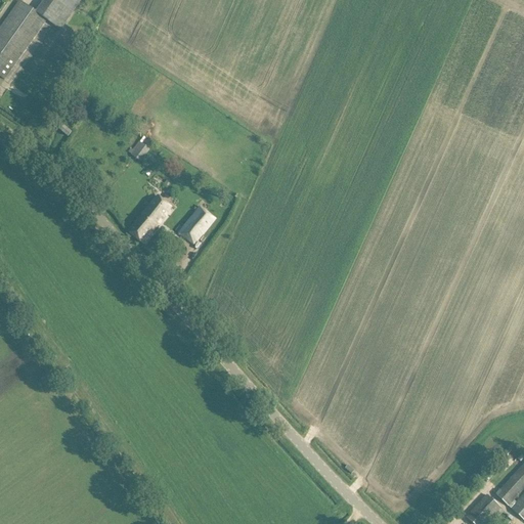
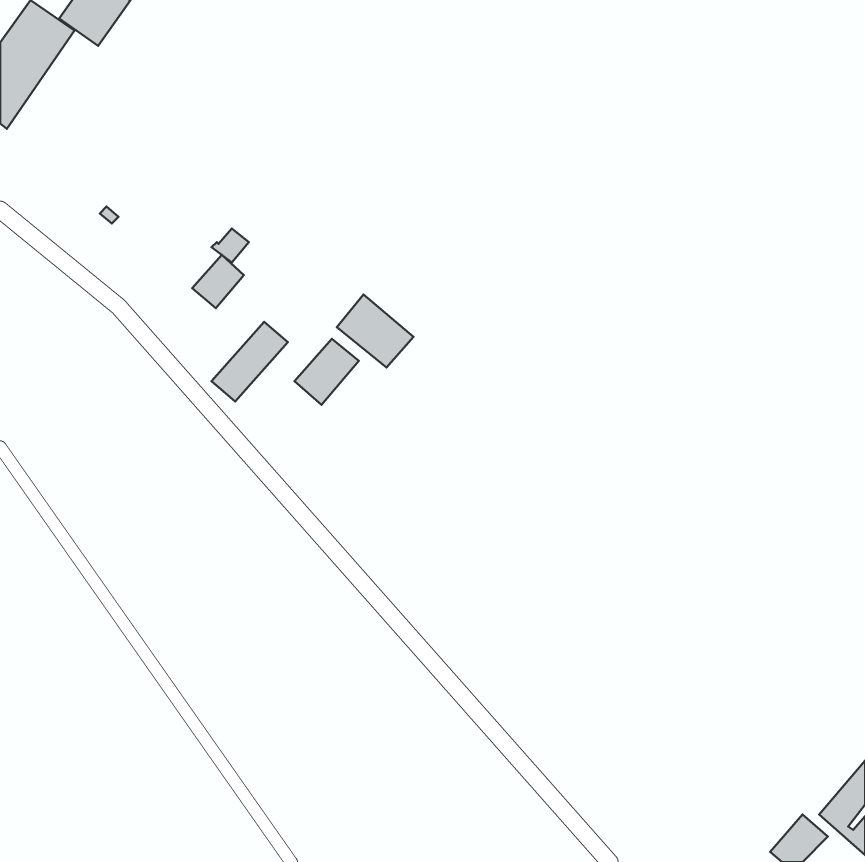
building: none -> [192,255,244,308]
building: none -> [337,294,414,368]

